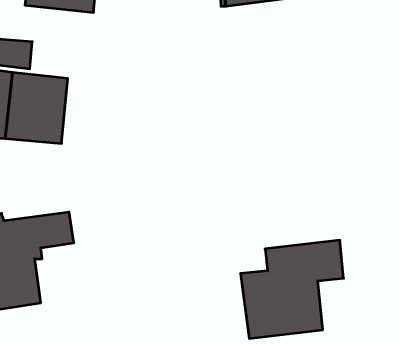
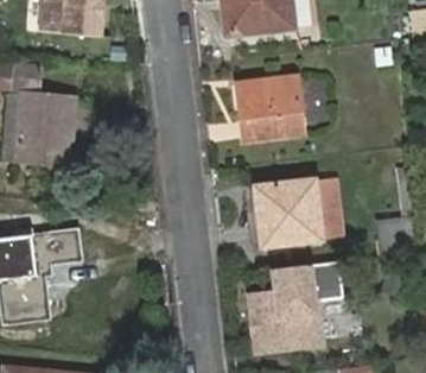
building: none -> [244,72,313,135]
building: none -> [257,178,325,244]

